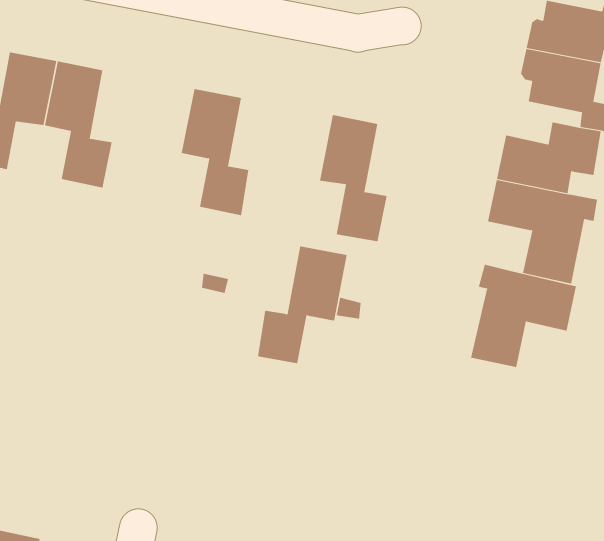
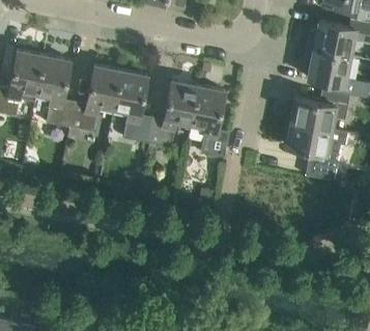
building: none -> [69,66,120,132]
building: [257,246,348,364] -> [147,81,198,147]
building: [471,264,577,368] -> none

